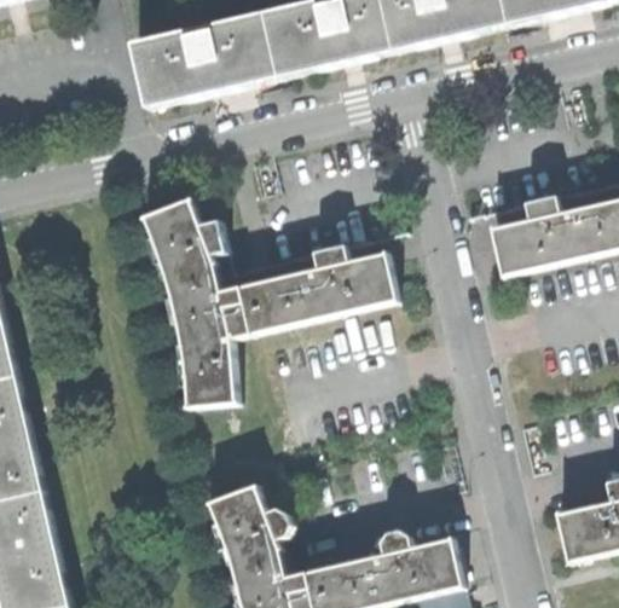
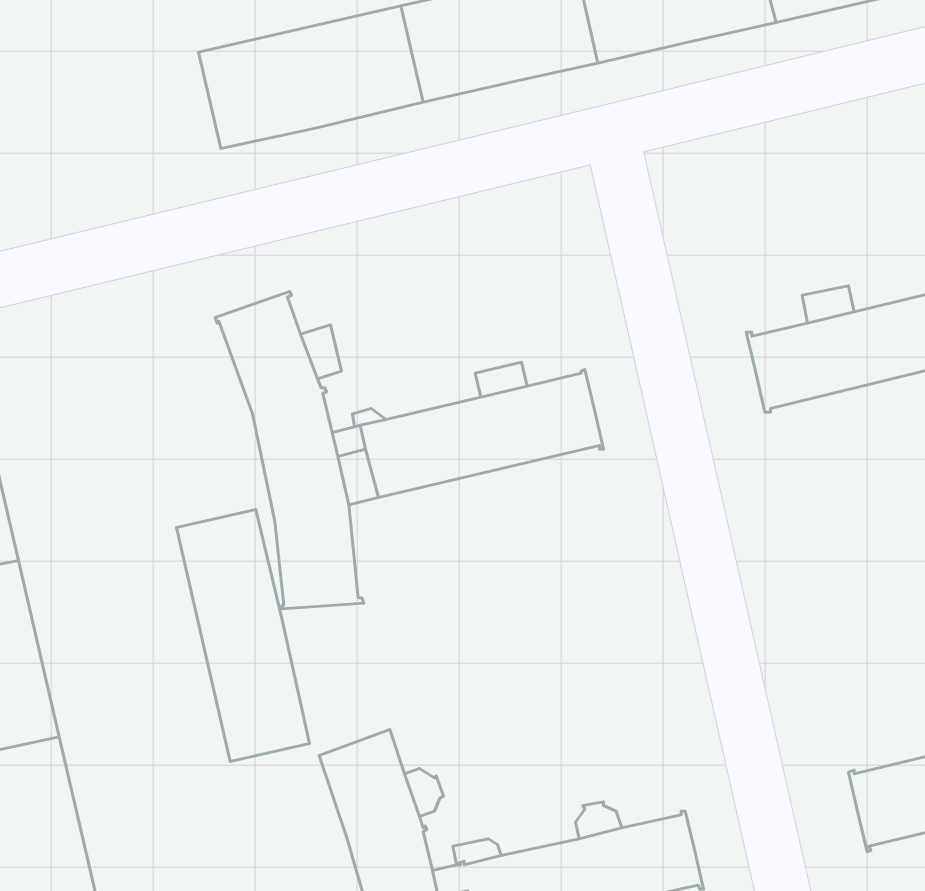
building: none -> [176,509,309,762]

